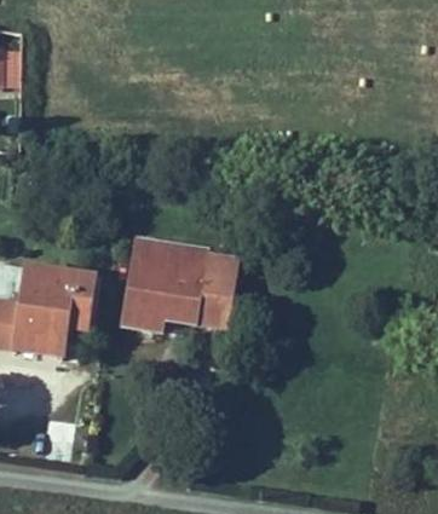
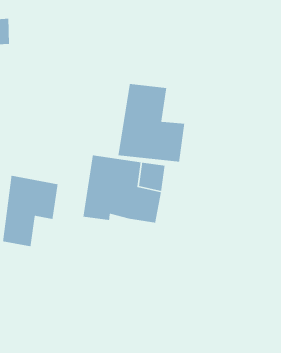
building: none -> [118,83,185,163]

